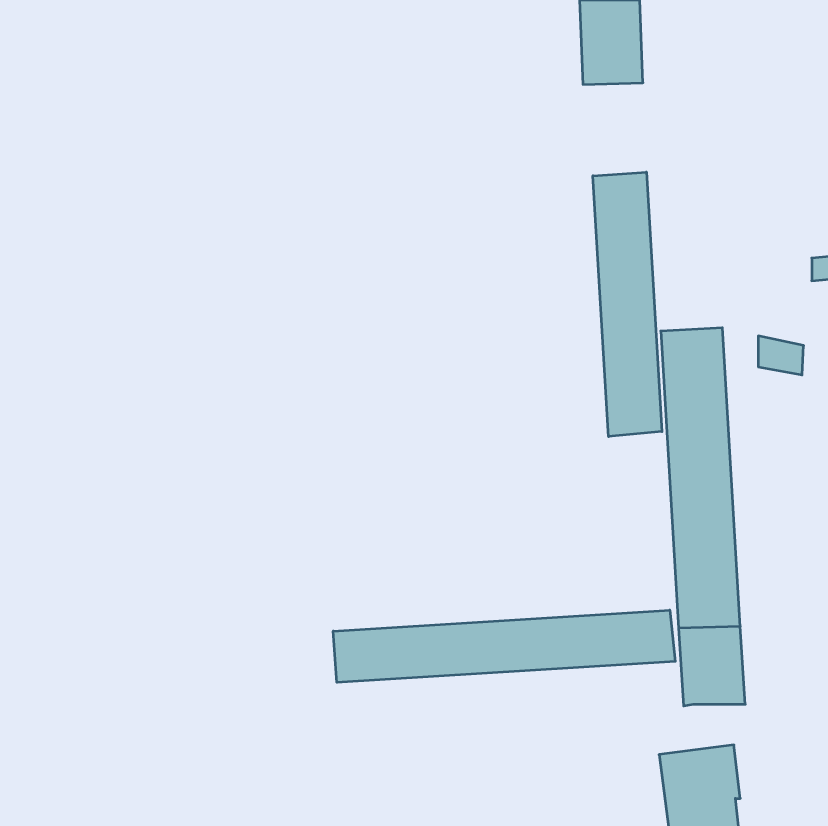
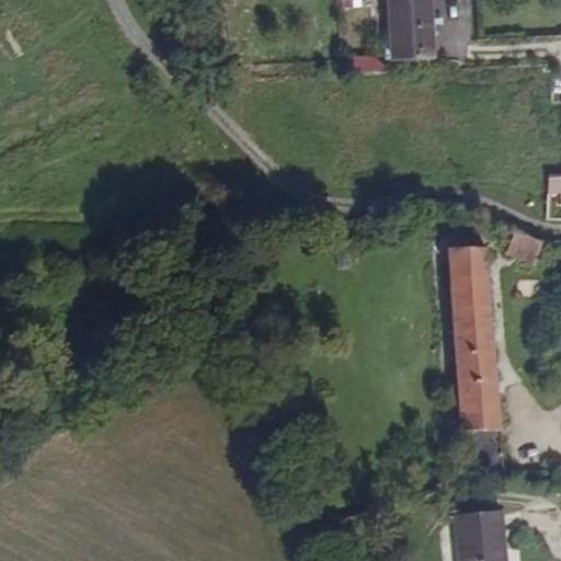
building: [593,172,662,437] -> none
building: [333,610,675,682] -> none

